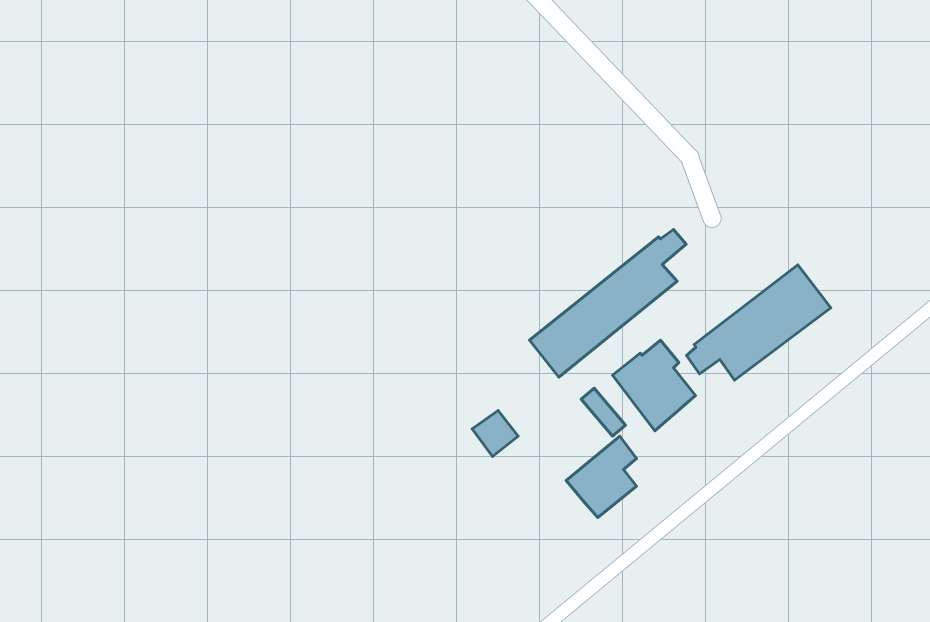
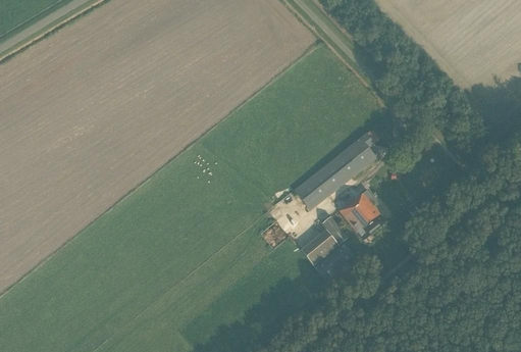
building: [686,265,831,380] -> none
building: none -> [304,231,340,264]

